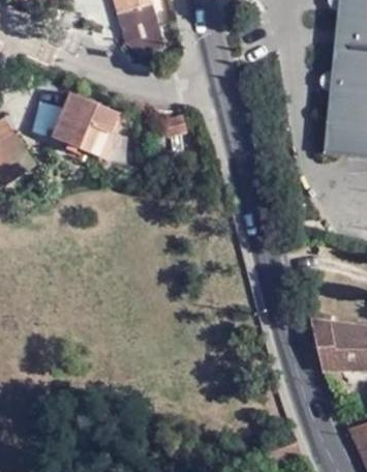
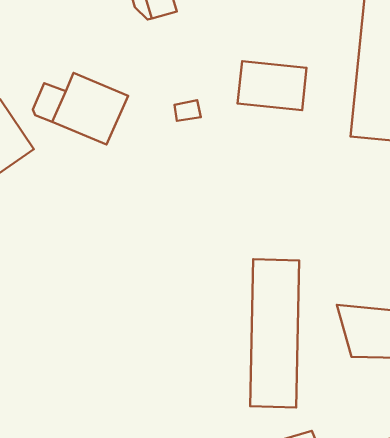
building: none -> [238,61,307,110]
building: none -> [250,259,299,407]

